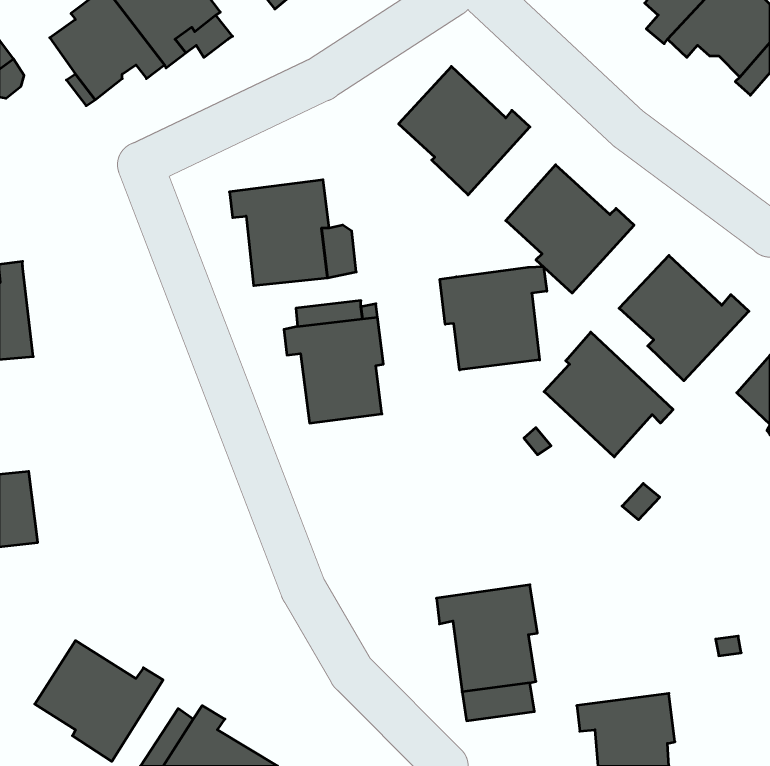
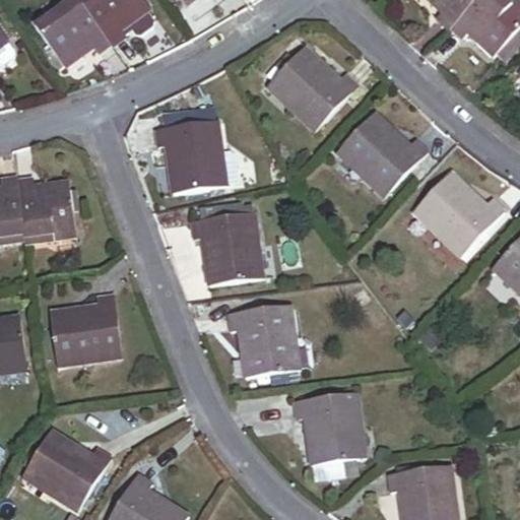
building: none -> [15,177,74,243]
building: [440,267,547,370] -> none
building: [544,332,673,457] -> none
building: none -> [49,295,121,363]
building: none -> [226,306,292,376]

